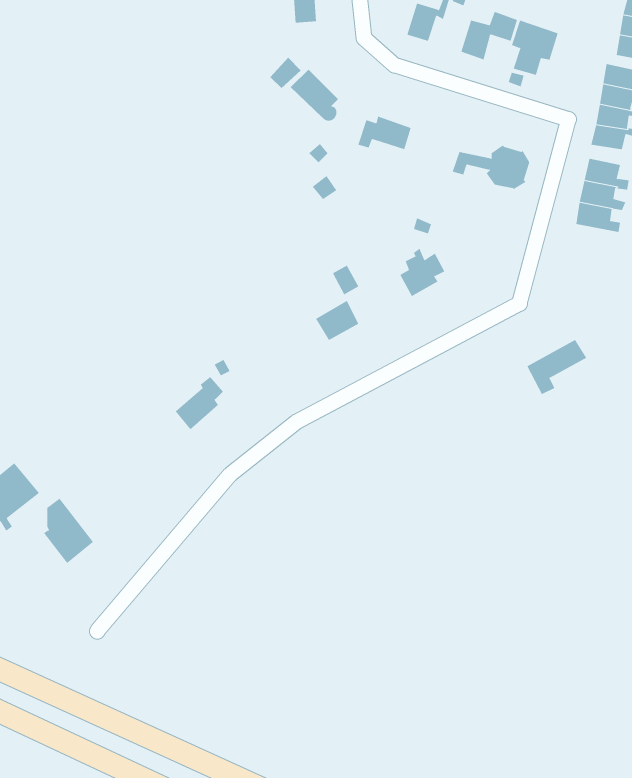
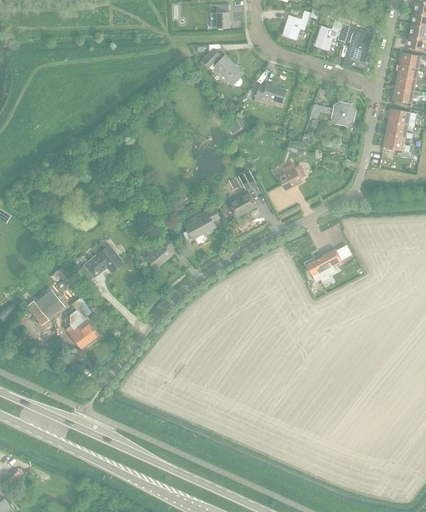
building: none -> [181,206,217,239]
building: [526,339,587,395] -> [304,248,340,281]
building: none -> [83,244,121,276]

